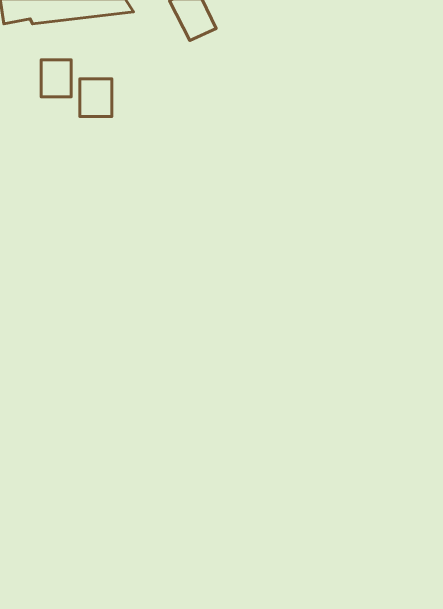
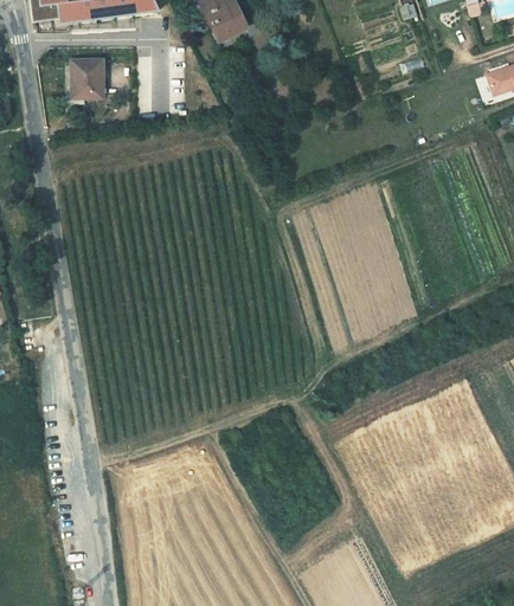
building: [80,79,112,117] -> none

